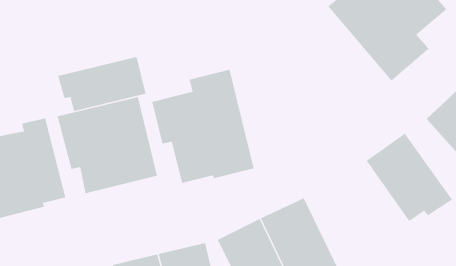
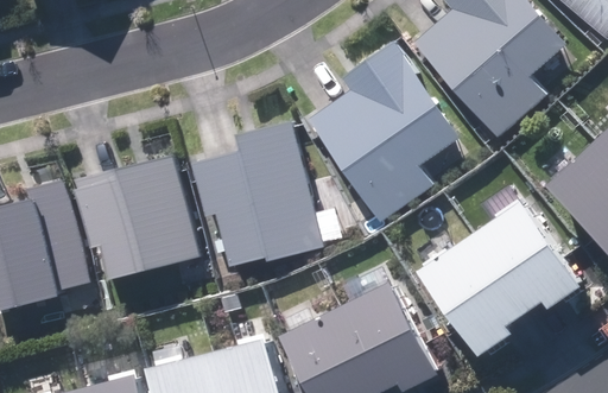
building: none -> [312,42,462,221]
building: [58,56,146,112] -> none
building: none -> [416,237,520,356]

